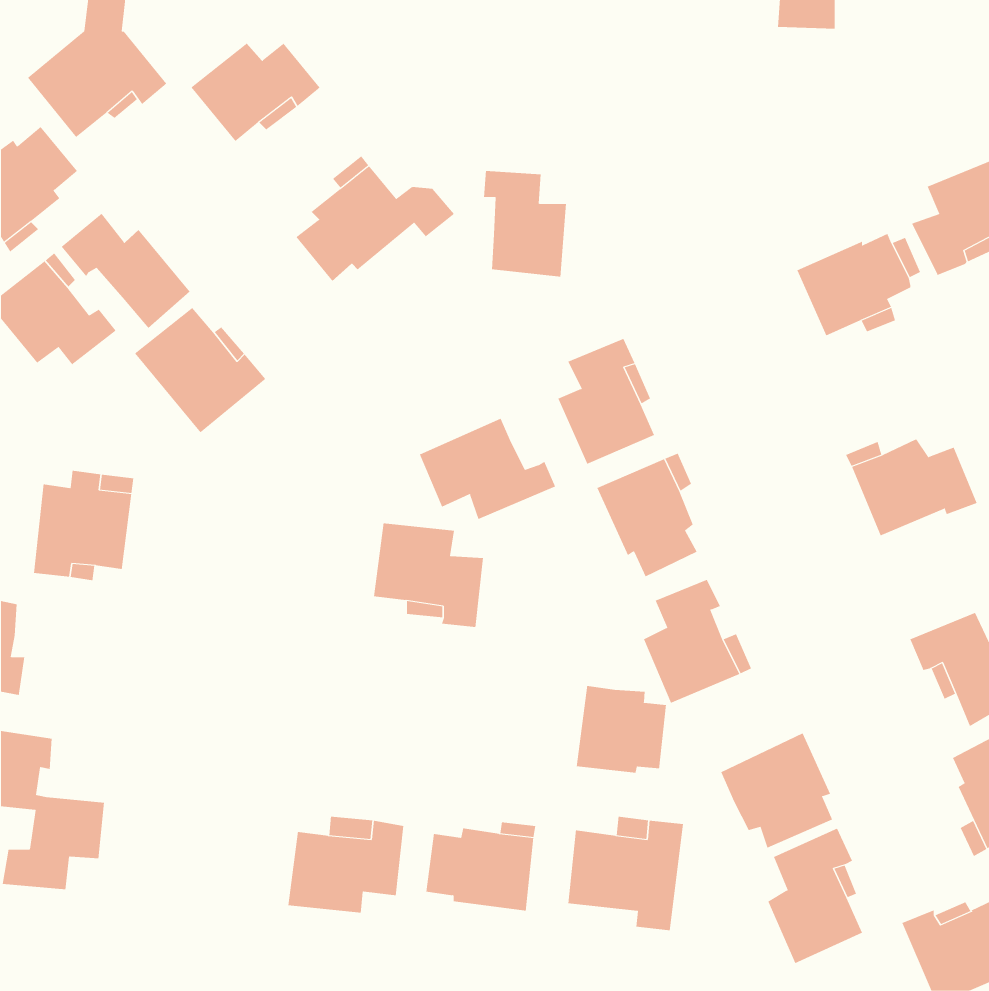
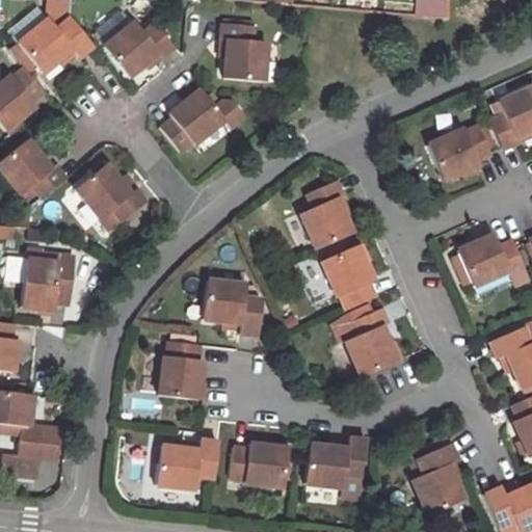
building: [483,170,567,277] -> [221,24,266,81]
building: [61,213,190,329] -> none
building: [419,418,556,520] -> none
building: none -> [158,342,202,401]
building: [576,685,666,773] -> none
building: [721,733,833,848] -> none

